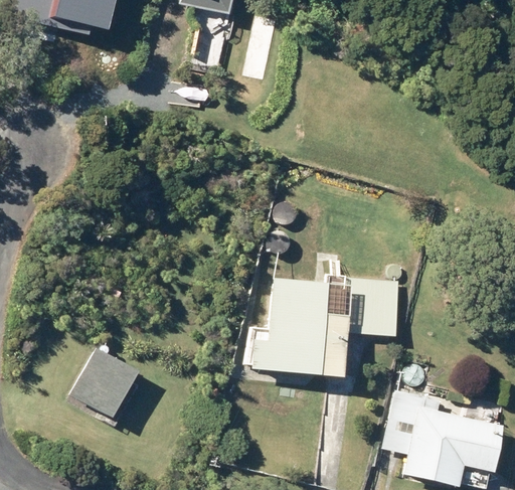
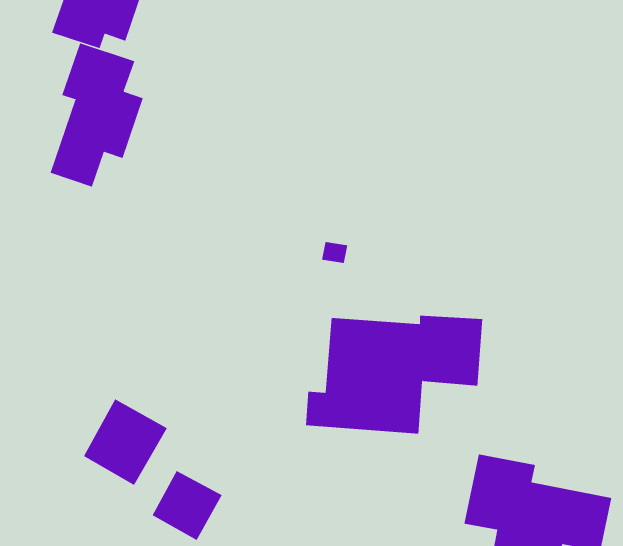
building: none -> [50,43,143,187]
building: none -> [152,470,223,541]

